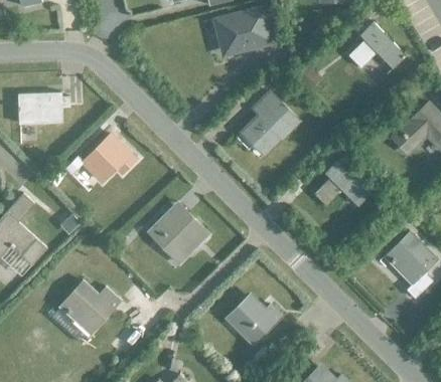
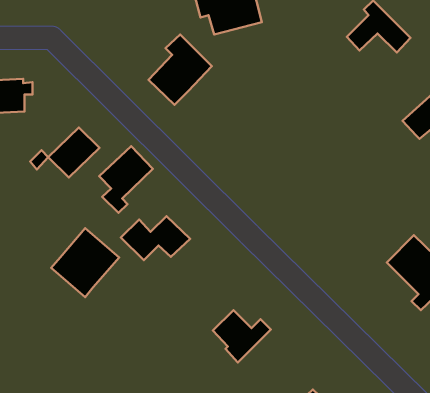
building: [241,92,297,155] -> [148,34,212,105]
building: none -> [99,146,153,213]
building: [313,161,370,207] -> none
building: [52,281,113,343] -> [51,228,119,297]

